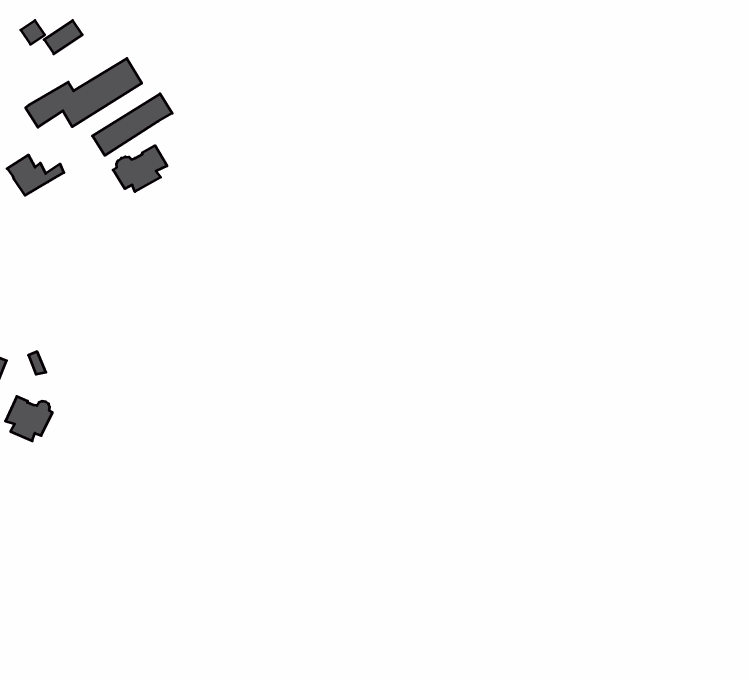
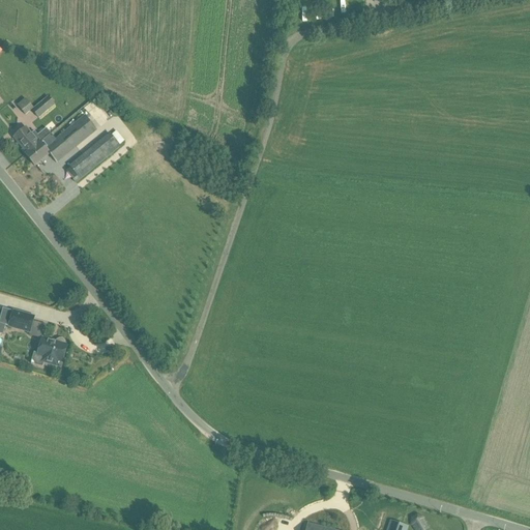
building: [113,146,167,192] -> none
building: [7,155,64,195] -> [13,127,50,153]

